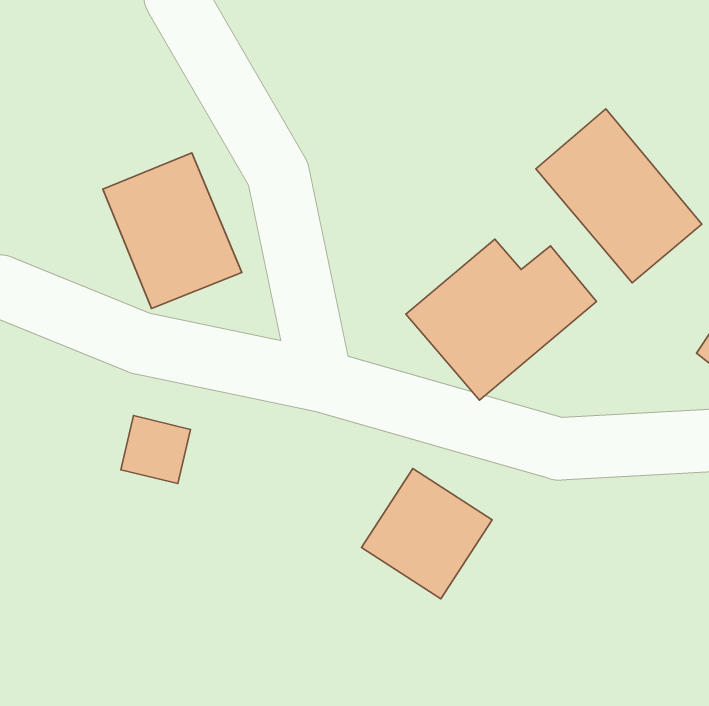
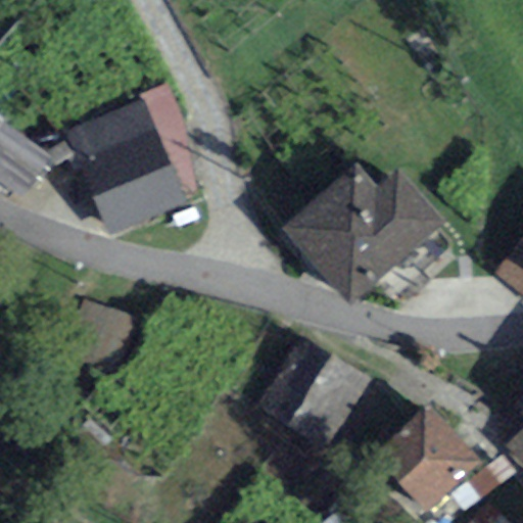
building: [536,109,702,283] -> none
building: none -> [380,412,477,510]

